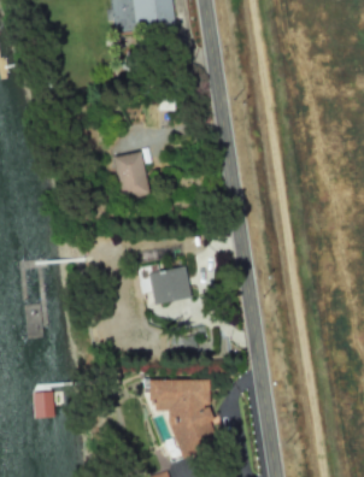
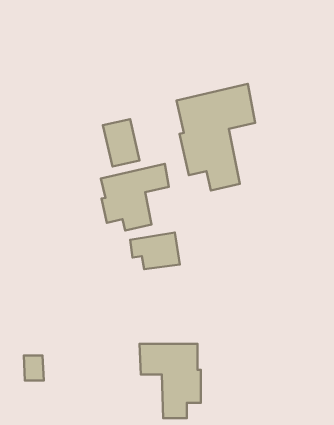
building: none -> [176,84,255,190]
building: none -> [101,164,169,231]

